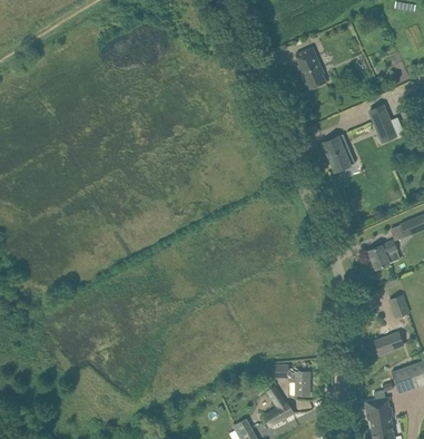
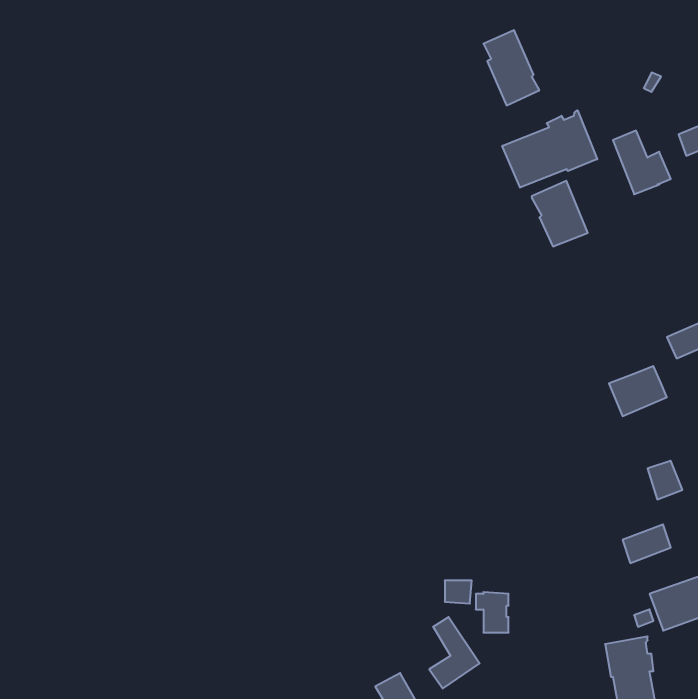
building: none -> [502,110,597,188]

